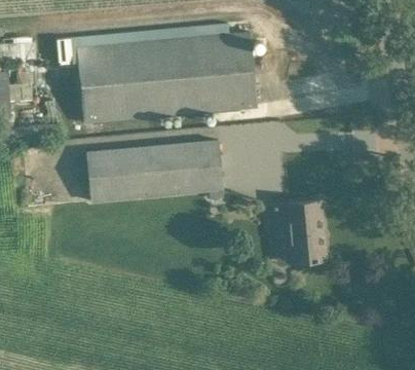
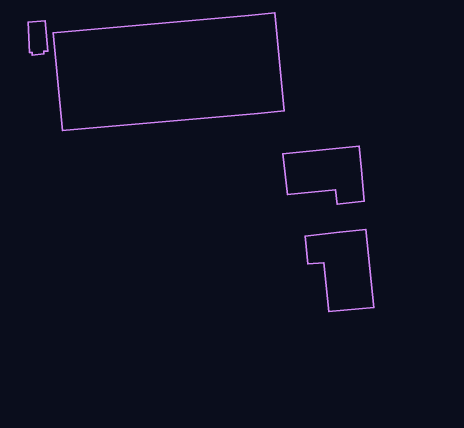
building: none -> [283,146,364,204]
building: [87,139,223,200] -> none

